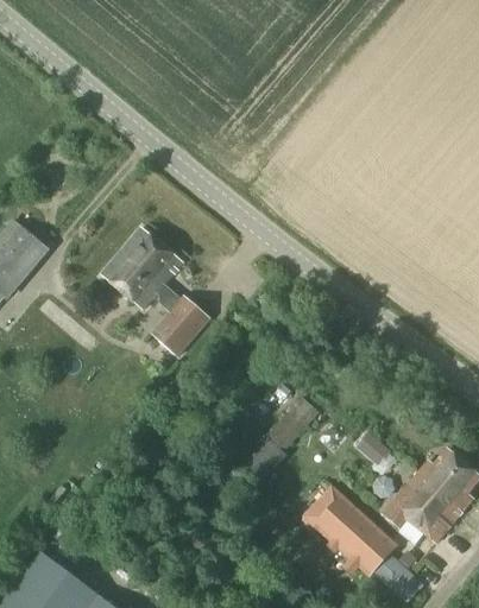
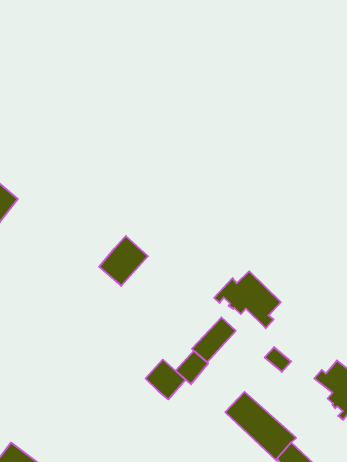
building: [101,227,182,310] -> none
building: none -> [214,271,281,328]
building: none -> [146,360,186,399]
building: [382,471,453,545] -> none

